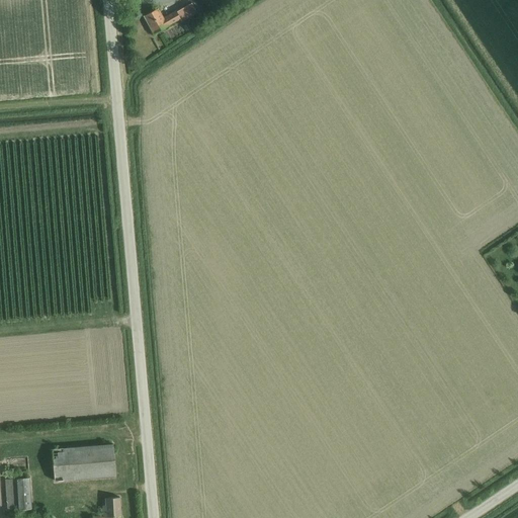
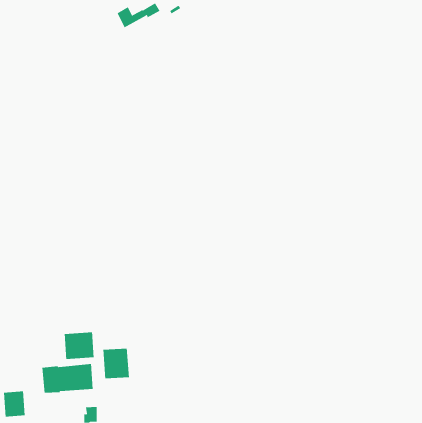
building: none -> [64,331,94,360]
building: none -> [103,348,129,379]

